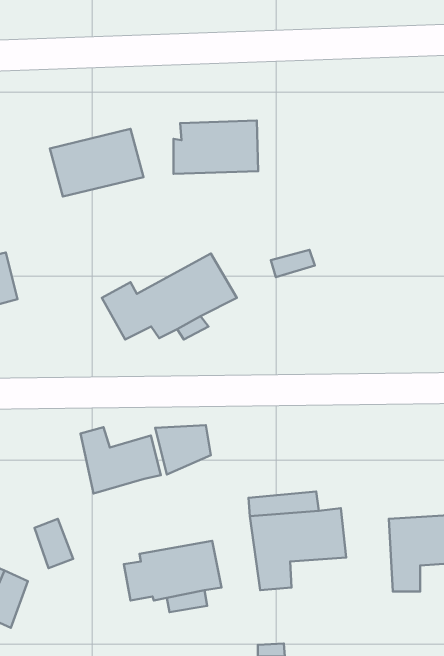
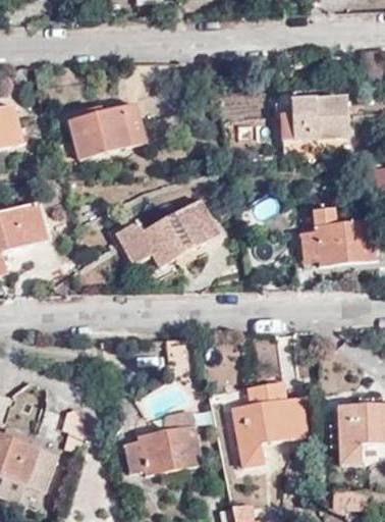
building: [174,121,258,174] -> [284,99,350,141]
building: none -> [300,217,373,265]
building: [81,427,161,493] -> none

